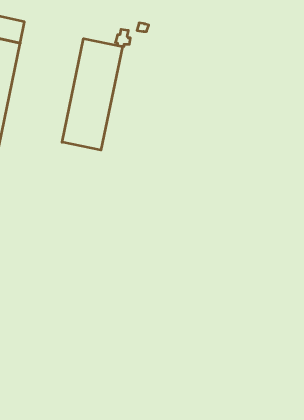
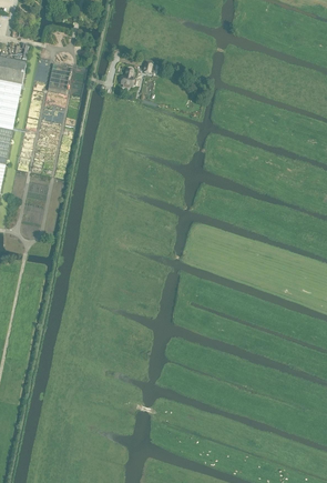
building: [62,39,123,150] -> none

